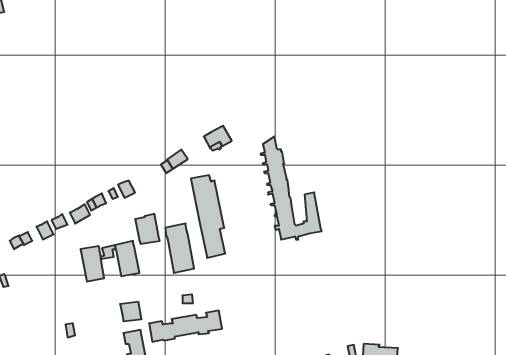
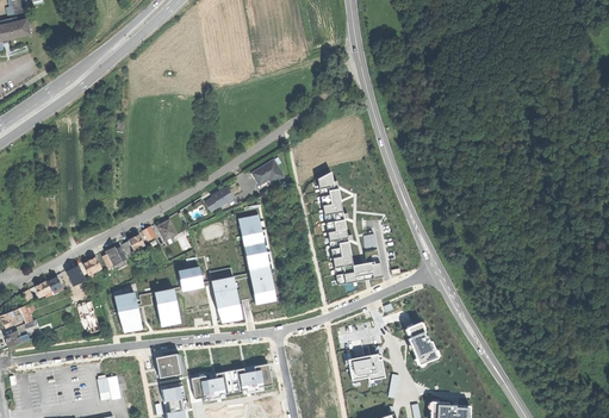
building: none -> [404,322,435,363]
building: none -> [346,354,383,379]

